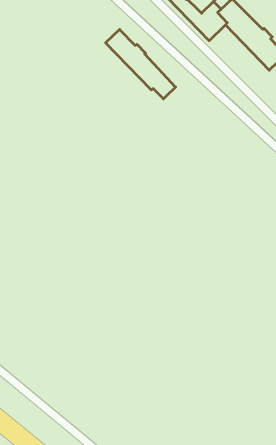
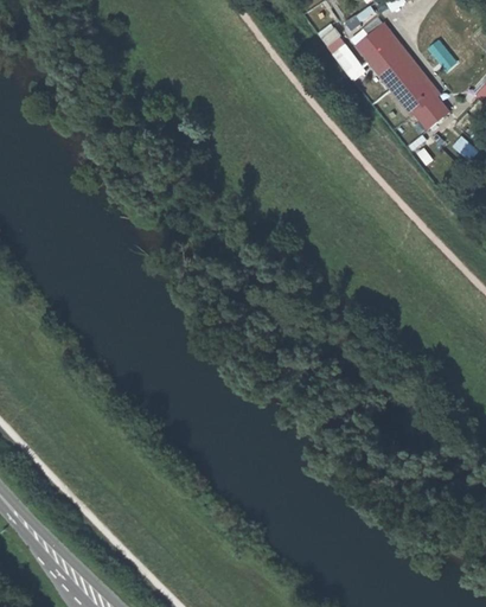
building: [106,29,176,99] -> none

